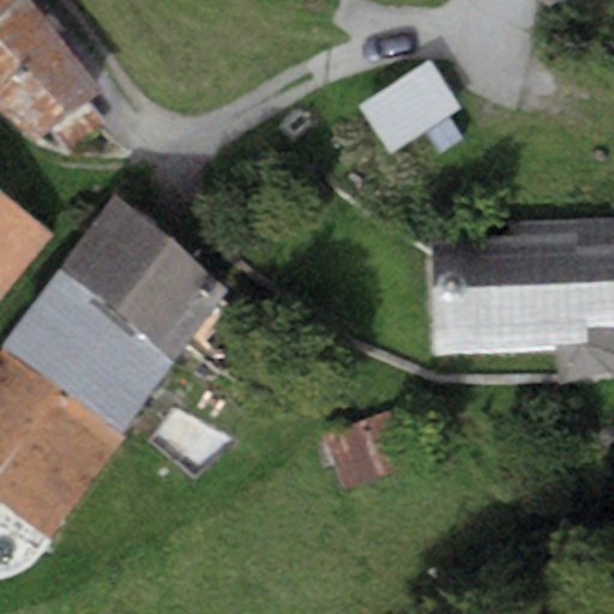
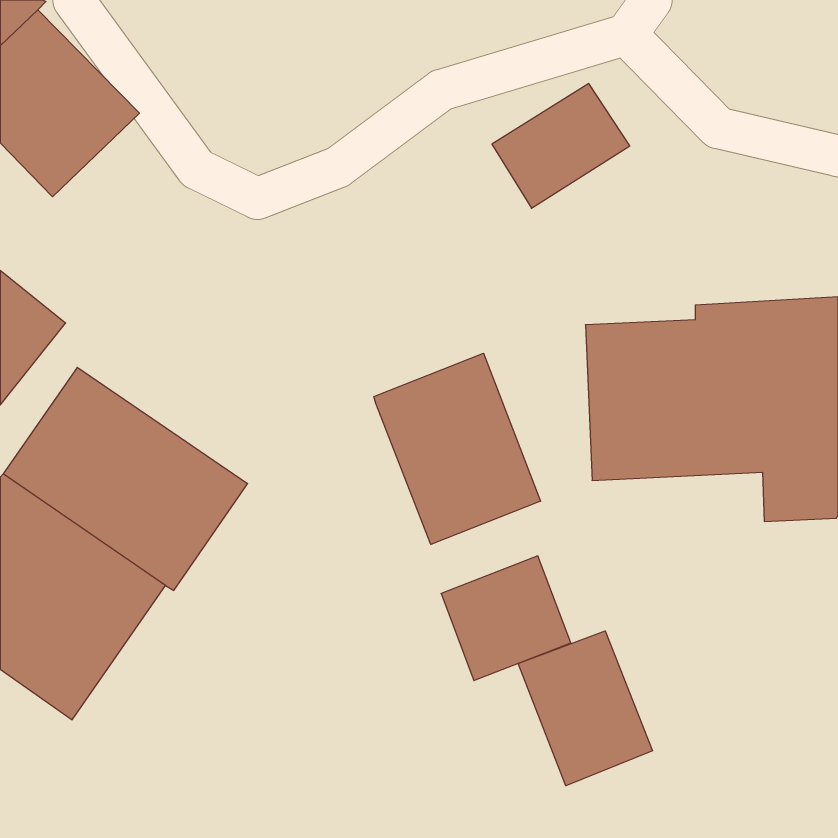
building: [56,197,231,354] -> none
building: none -> [374,353,541,544]
building: none -> [518,631,653,786]

